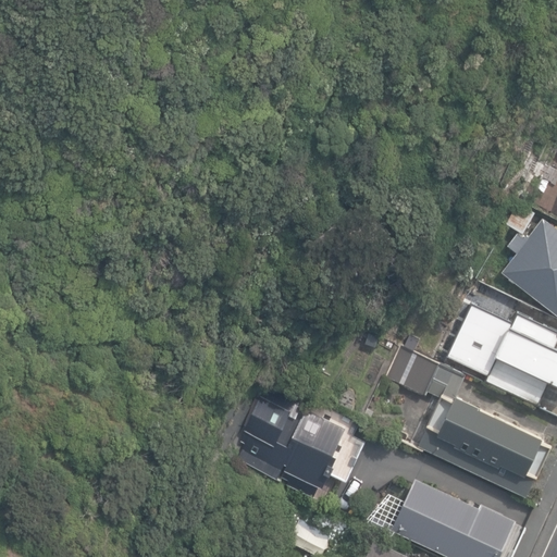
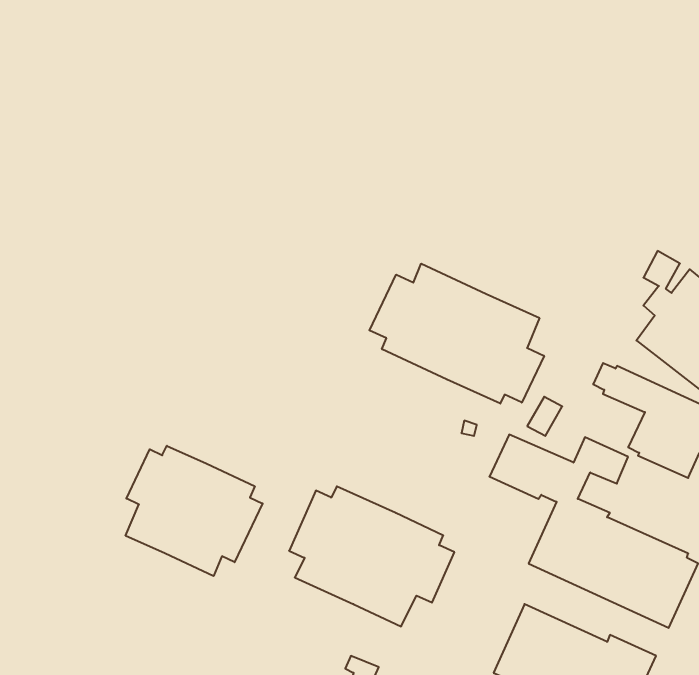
building: none -> [369,264,544,404]
building: none -> [126,446,263,576]

